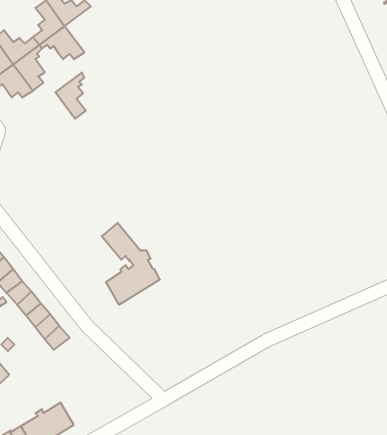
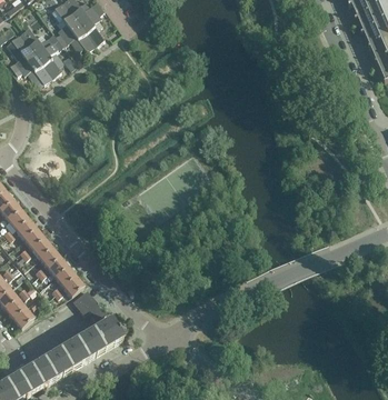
building: [55,72,86,119] -> [80,7,106,46]
building: [102,223,160,305] -> [73,290,122,359]

